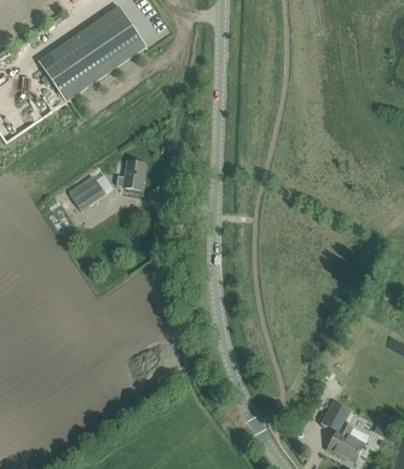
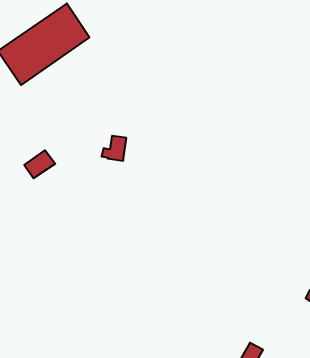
building: [115,160,144,189] -> [102,136,126,161]

